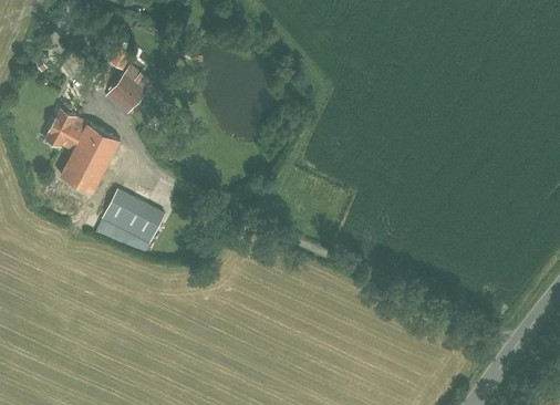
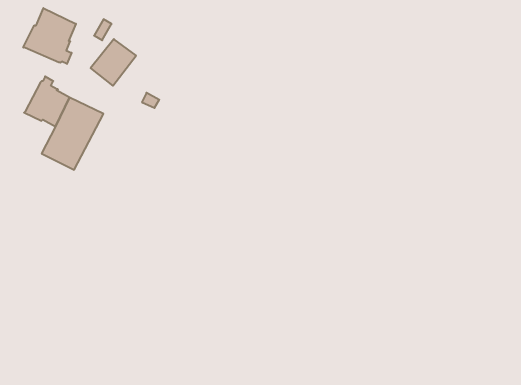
building: none -> [23,8,76,64]
building: [101,191,163,245] -> none

